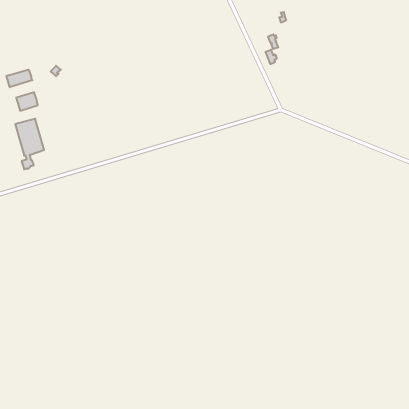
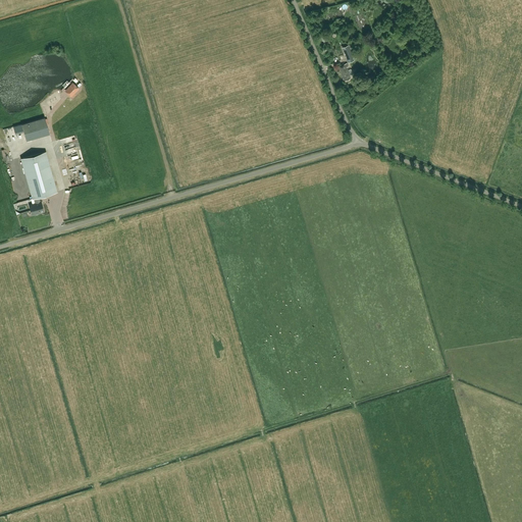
building: [6,70,32,87] -> none

